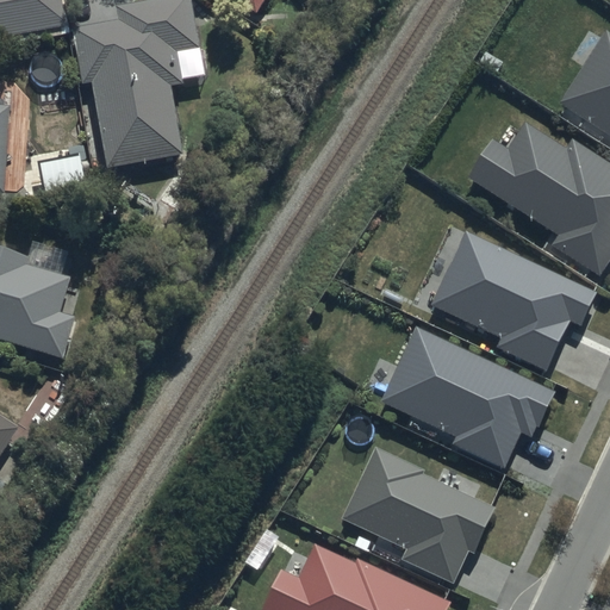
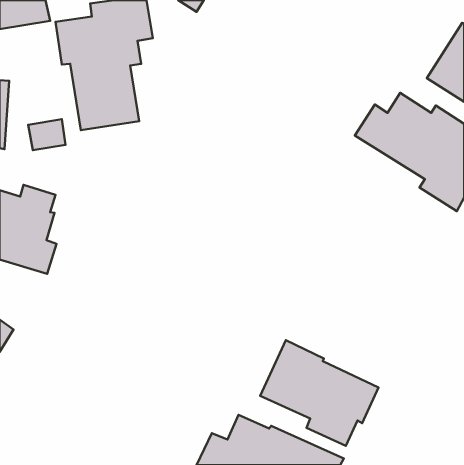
building: [429,230,597,371] -> none
building: [380,326,556,467] -> none

